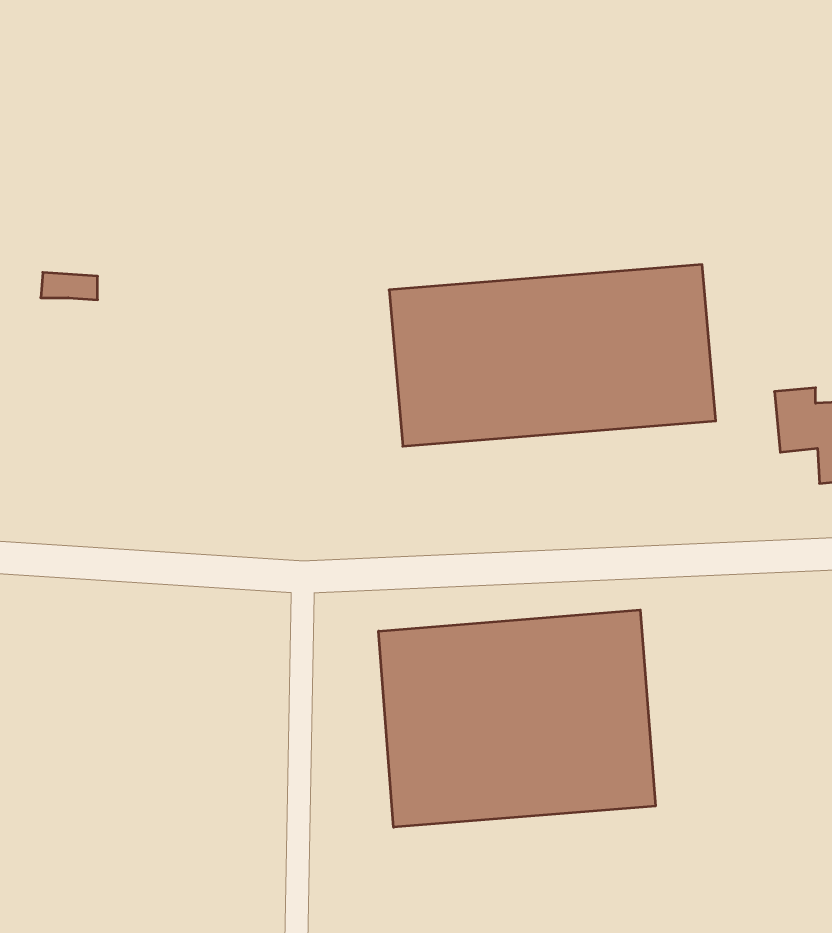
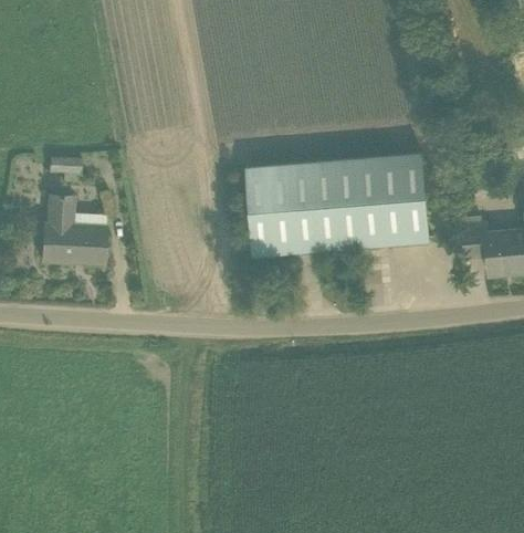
building: none -> [42,196,105,265]
building: [379,610,655,827] -> none

